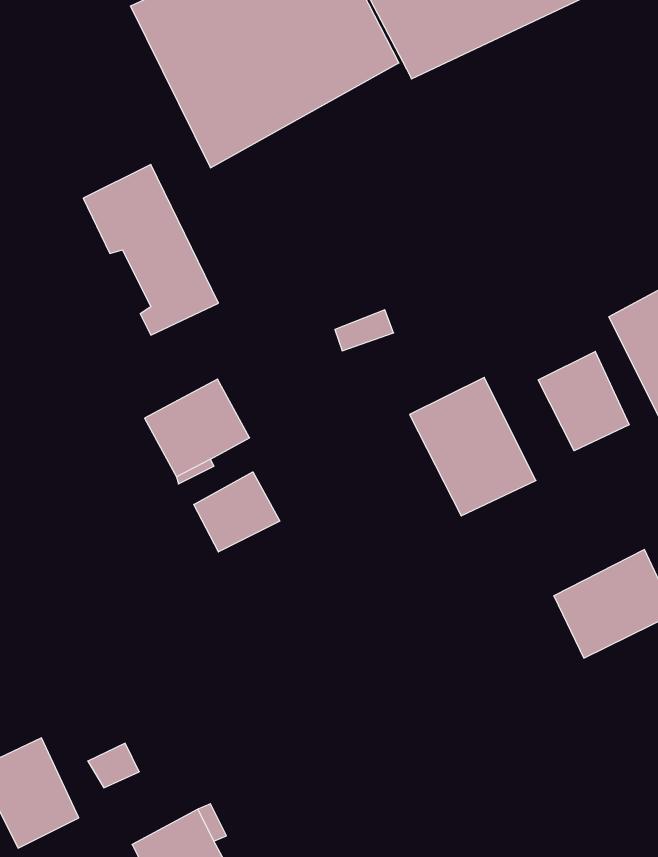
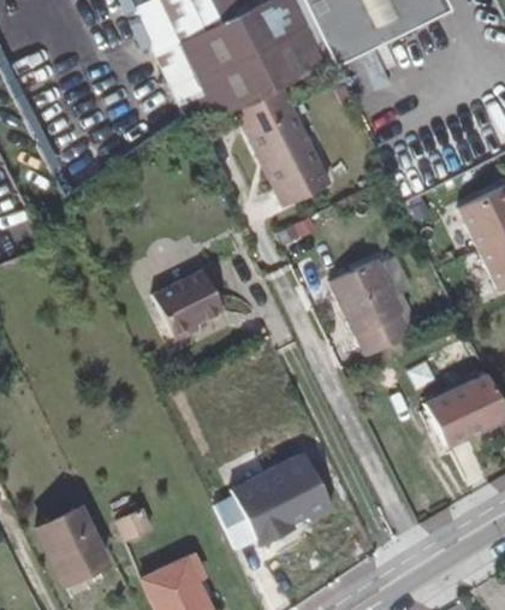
building: [83,165,218,335] -> [236,88,327,203]
building: [538,351,629,451] -> none
building: [194,472,280,552] -> none
building: none -> [234,456,334,547]

